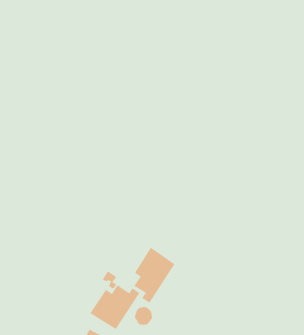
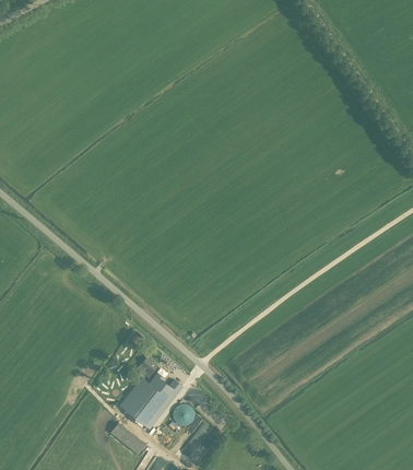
building: [134,247,175,303] -> none

